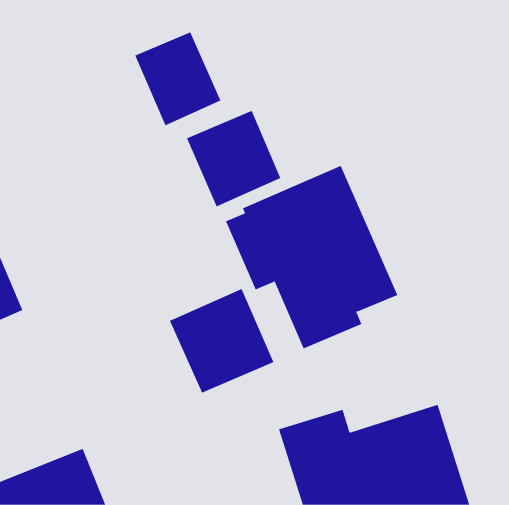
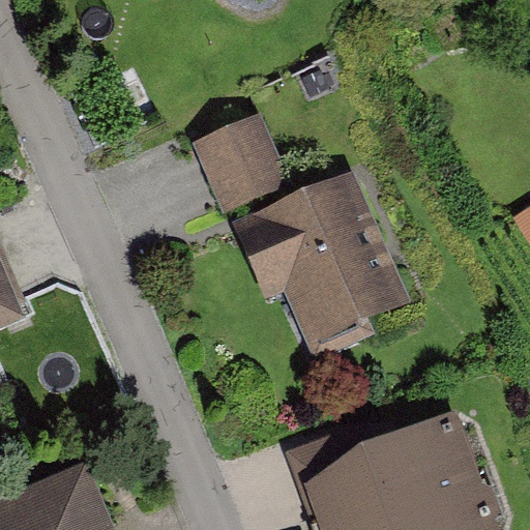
building: [134,32,221,126] -> none
building: [169,288,274,393] -> none

